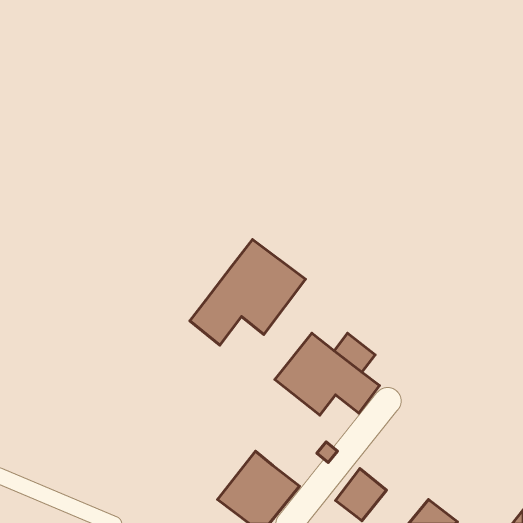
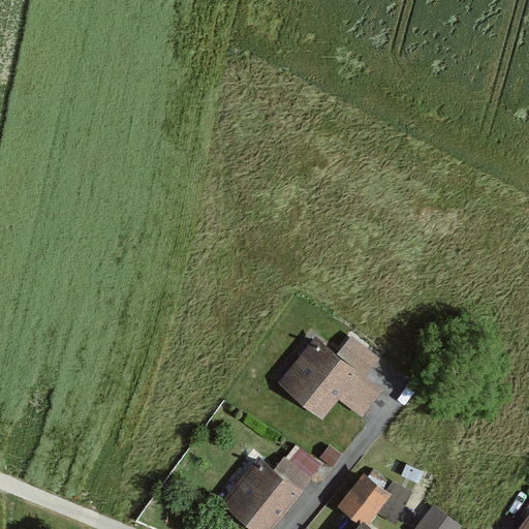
building: [190,240,306,345] -> none
building: none -> [275,444,321,491]

